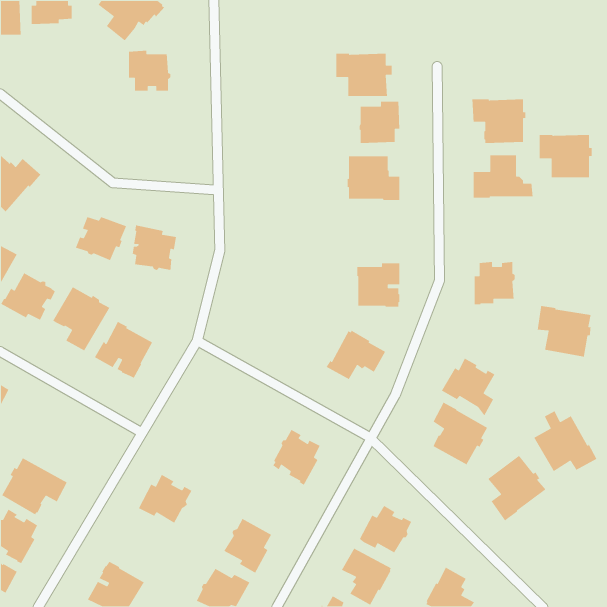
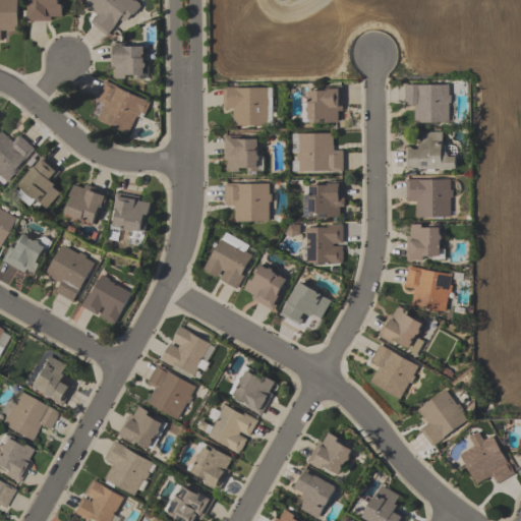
building: [336,53,393,97] -> [223,88,272,125]
building: none -> [96,80,151,133]
building: [539,134,592,178] -> [406,179,452,217]
building: none -> [224,135,259,171]
building: none -> [17,157,60,209]
building: none -> [304,182,345,218]
building: none -> [224,183,271,222]
building: none -> [202,238,251,289]
building: [537,305,592,357] -> [405,267,452,311]
building: none -> [243,264,286,311]
building: none -> [161,327,211,375]
building: [533,410,597,472] -> [460,431,515,484]
building: none -> [31,355,73,407]
building: none -> [147,364,195,419]
building: none -> [209,404,258,454]
building: none -> [104,442,153,496]

